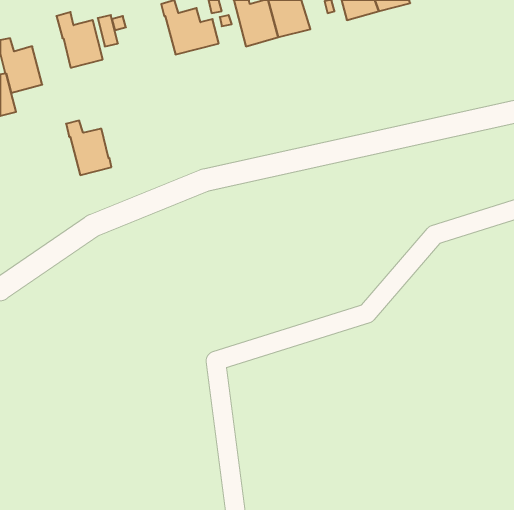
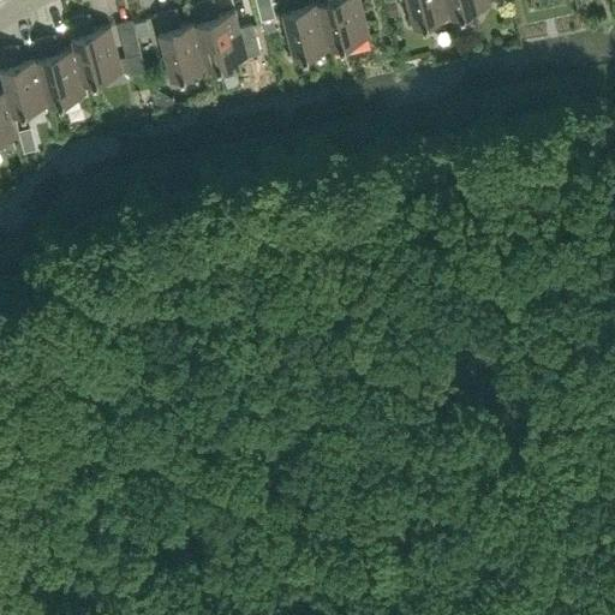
building: none -> [156,16,210,82]
building: [66,121,111,175] -> [35,42,89,107]

